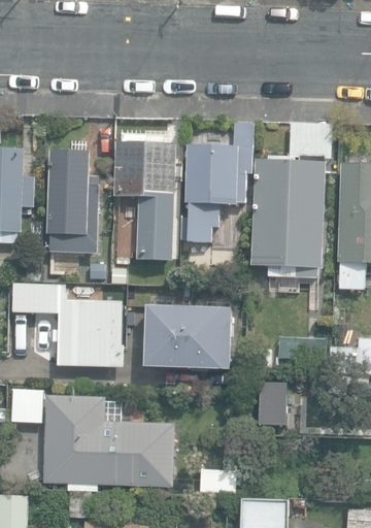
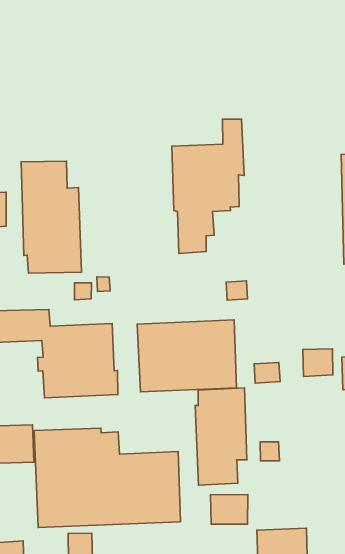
building: [251,122,333,278] -> none
building: [114,141,176,260] -> none
building: none -> [195,388,247,485]

